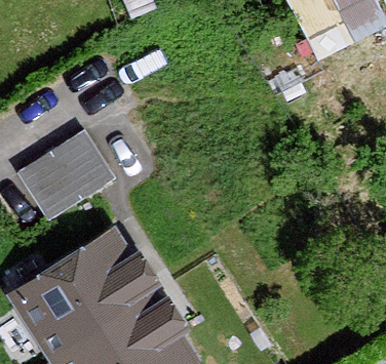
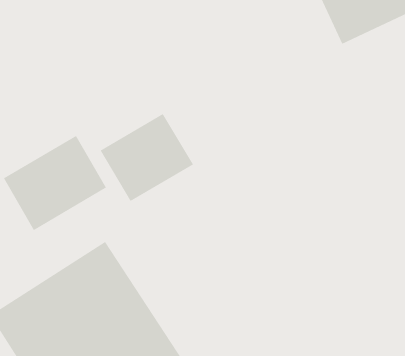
building: none -> [100,113,194,202]

